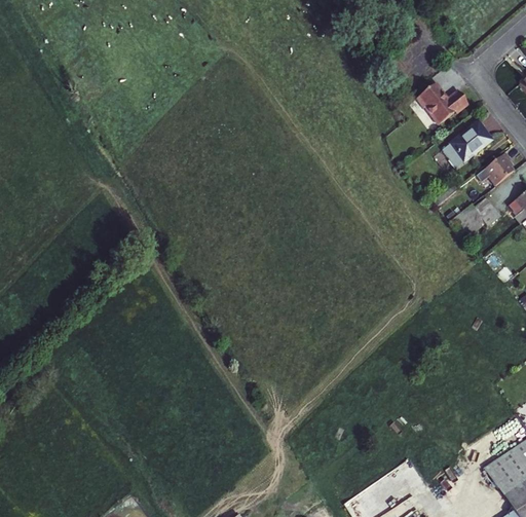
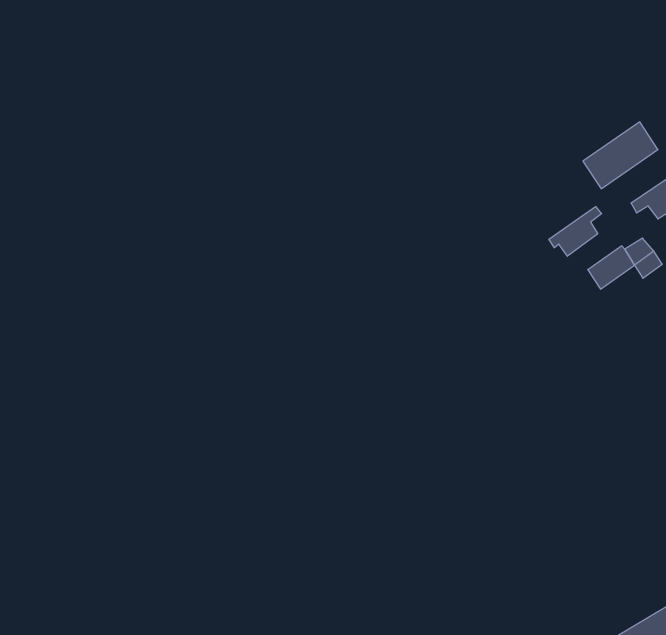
building: [416,84,468,124] -> none
building: none -> [549,207,602,256]

